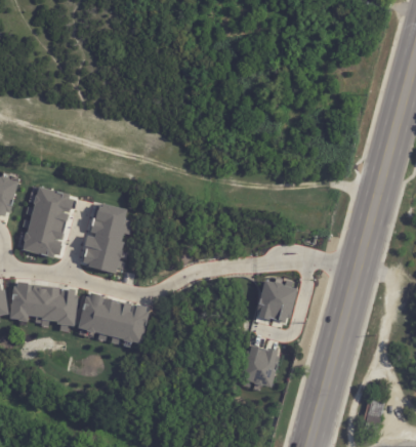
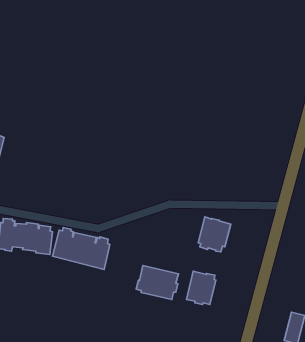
building: [22,186,73,258] -> none
building: [82,203,126,274] -> none
building: none -> [136,266,178,300]

